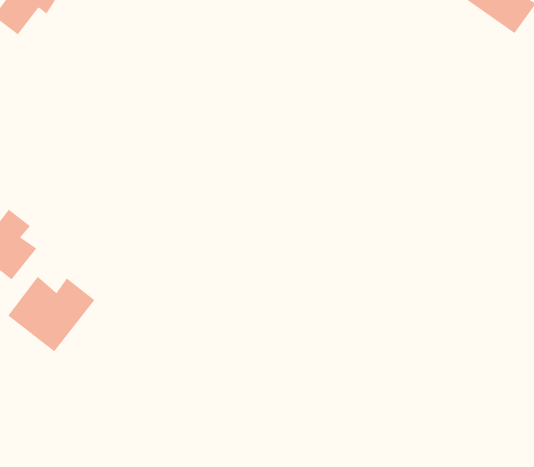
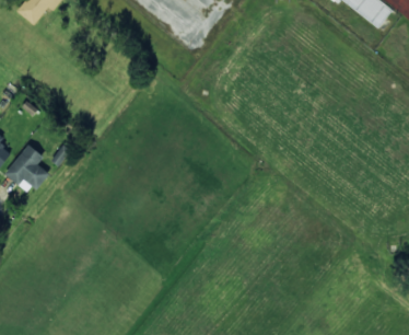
building: [7,276,95,352] -> none

